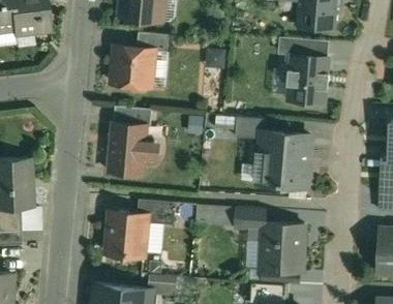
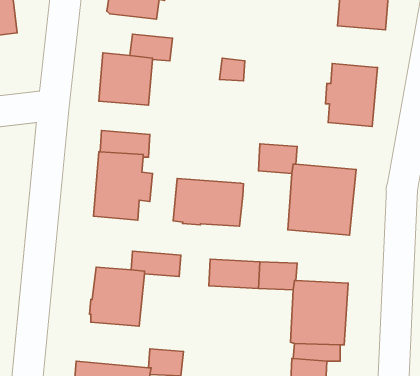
building: [282,38,329,58] -> none
building: none -> [173,179,244,226]

